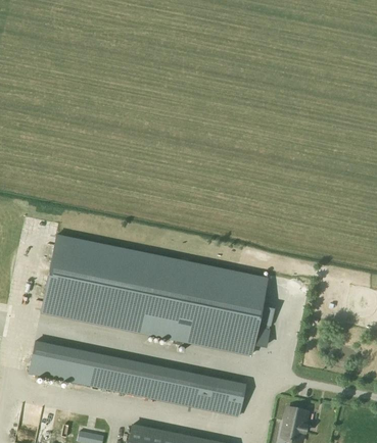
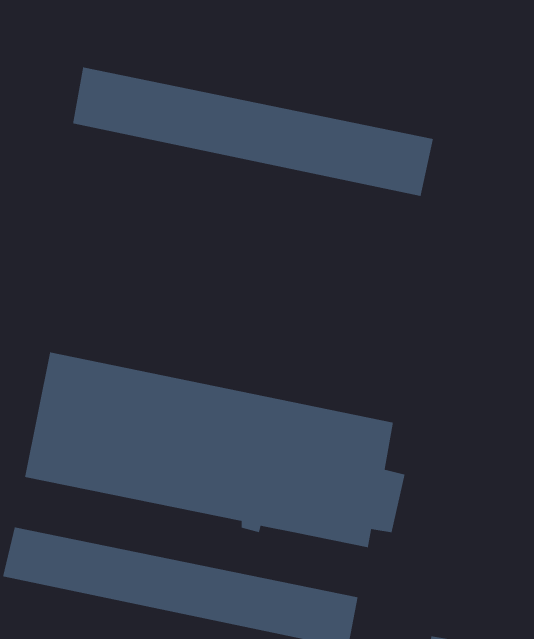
building: none -> [72,67,434,197]

